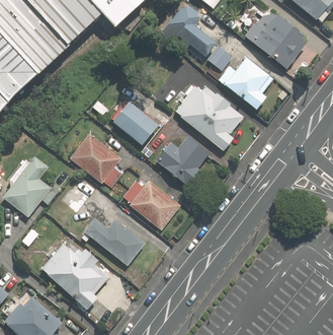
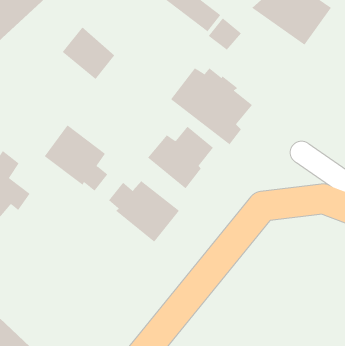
building: [219,58,275,111] -> none
building: [114,100,159,145] -> [62,26,115,80]
building: [81,218,146,266] -> none
building: [41,244,109,311] -> none

